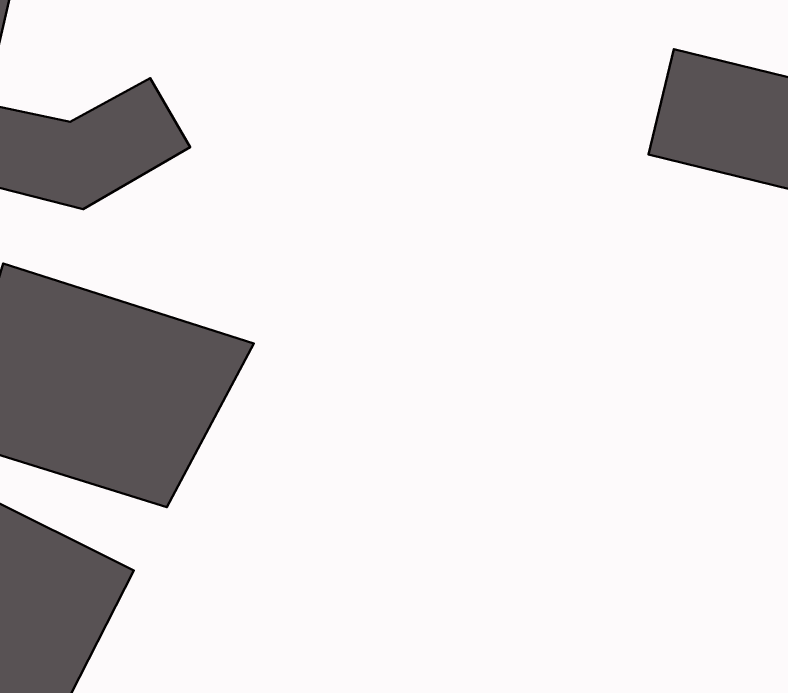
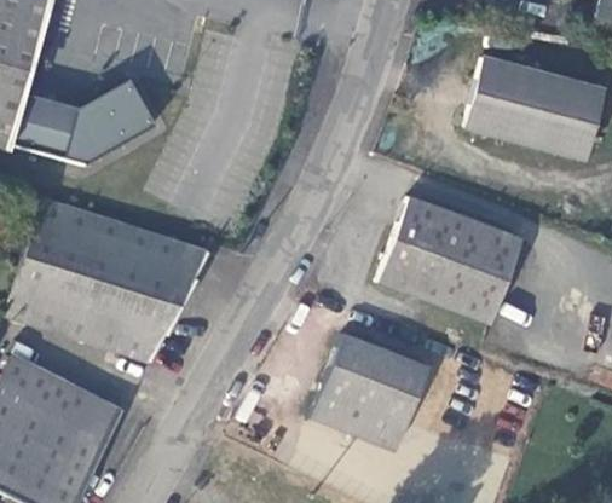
building: none -> [375,197,520,325]
building: none -> [311,335,427,451]

